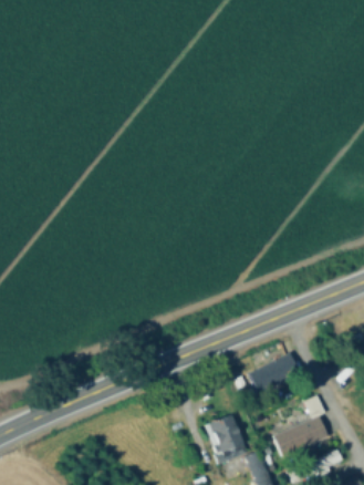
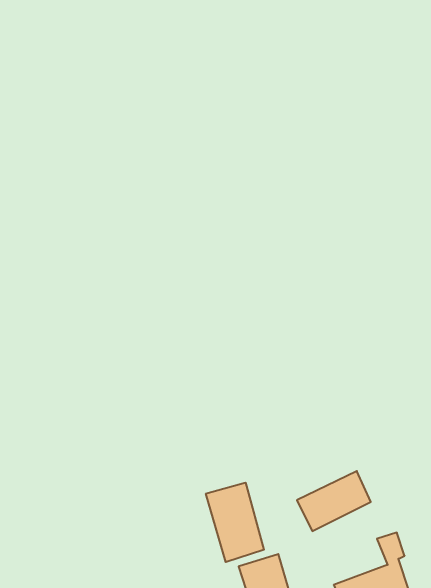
building: none -> [206,483,264,562]

